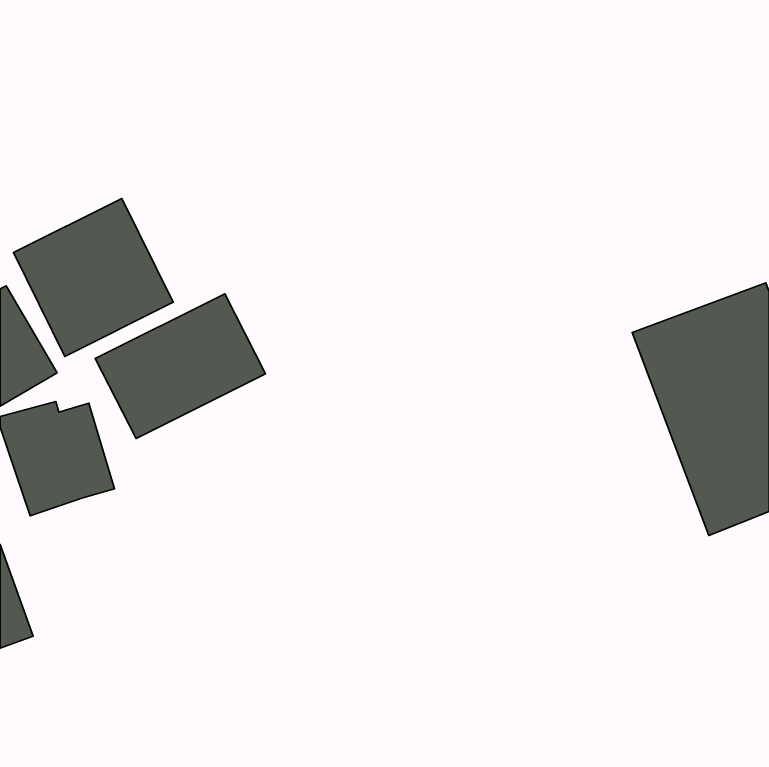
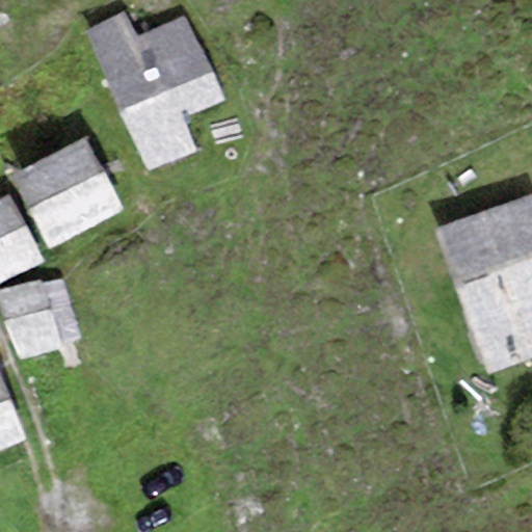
building: none -> [87,14,224,171]
building: [95,294,266,438] -> none

